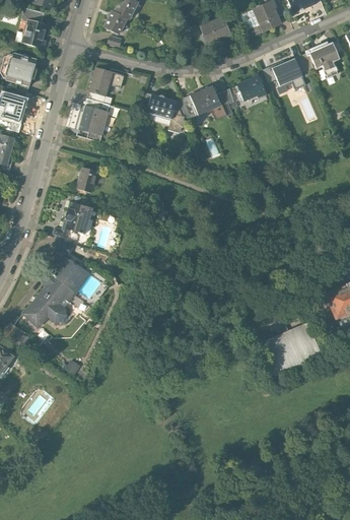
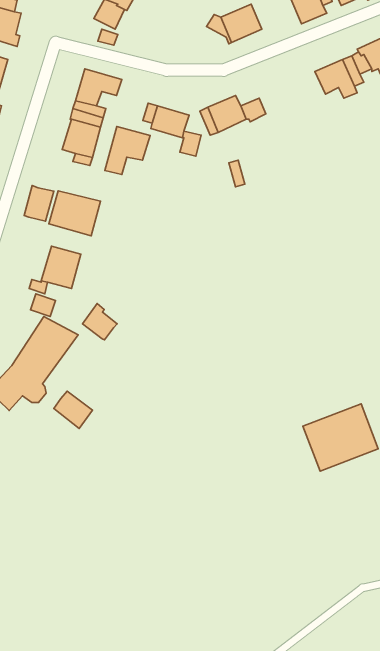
building: [237,74,267,102] -> none
building: none -> [105,127,150,174]
building: none -> [24,186,54,221]
building: none -> [82,304,117,340]
building: none -> [54,391,93,428]

